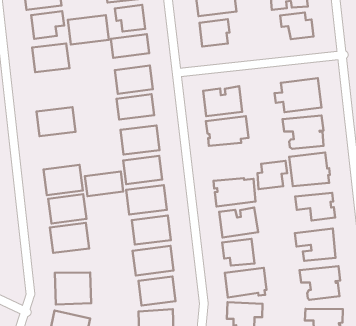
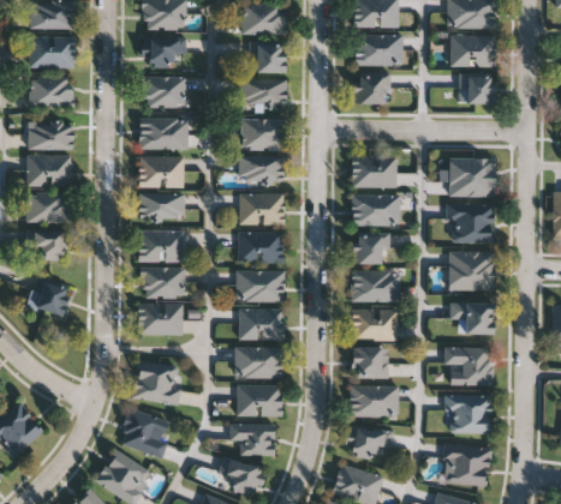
building: [68,15,109,45] -> [139,119,187,150]
building: [257,161,287,189] -> [350,234,388,265]
building: [85,172,123,196] -> [138,194,184,220]

